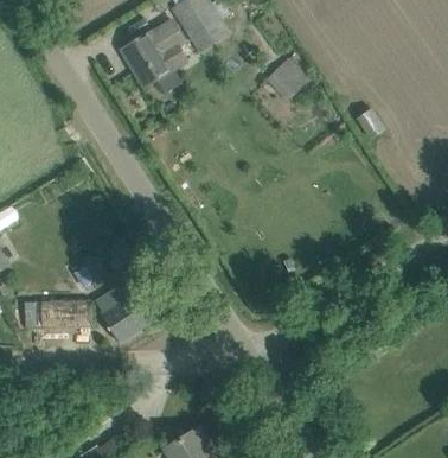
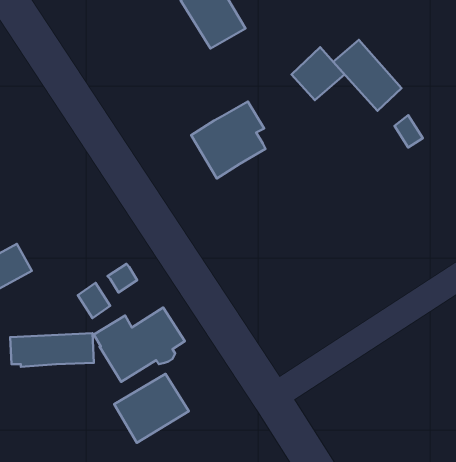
building: [121,20,186,88] -> [191,101,266,179]
building: none -> [333,40,402,111]
building: none -> [114,374,189,443]

